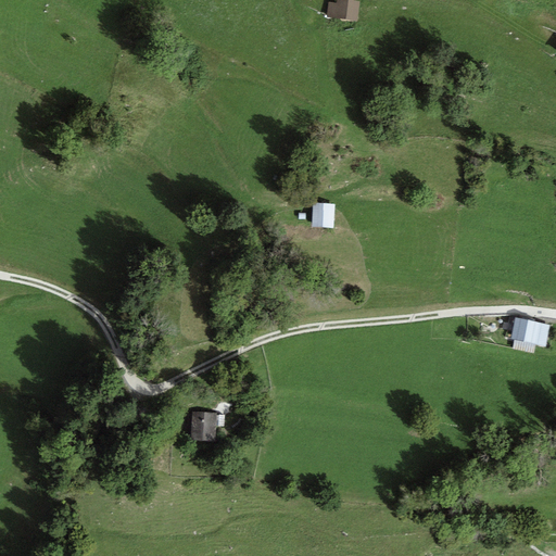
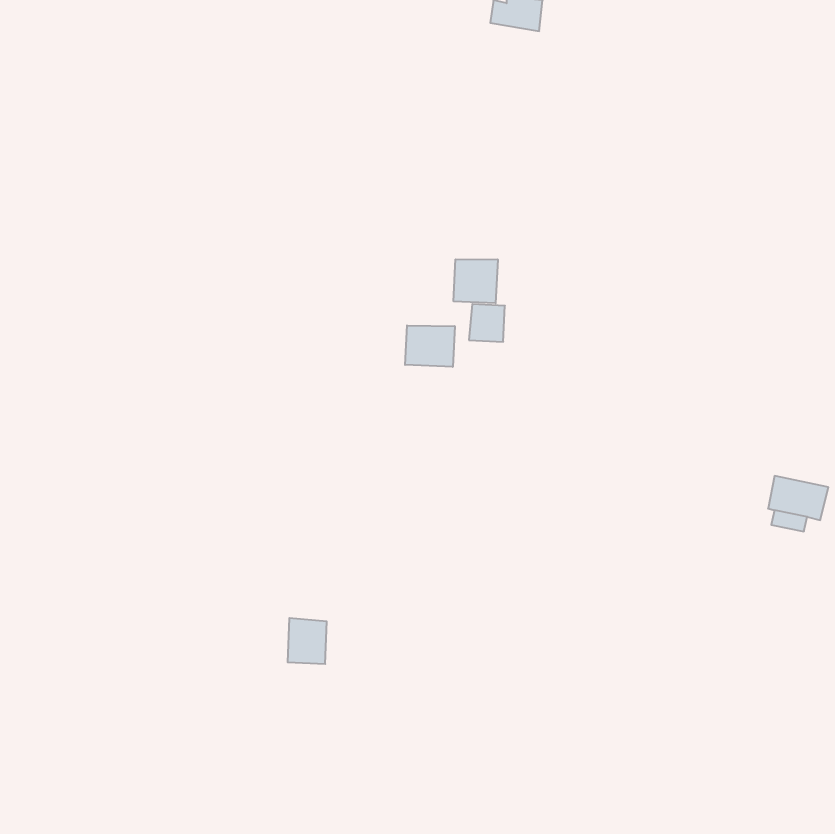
building: none -> [454,259,498,303]
building: none -> [405,325,455,367]

